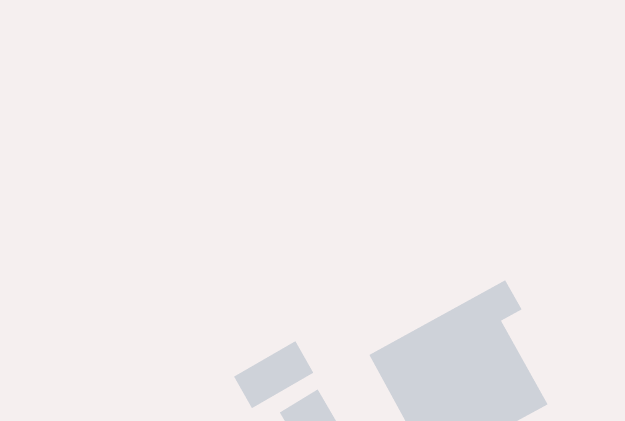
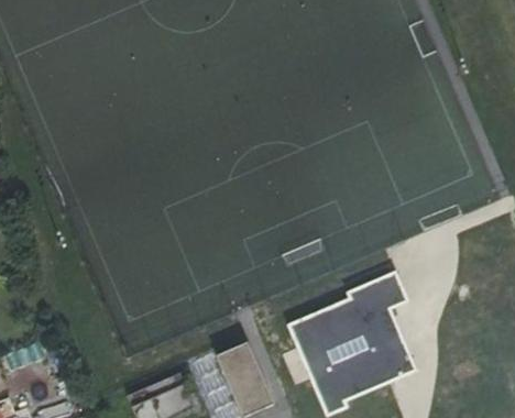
building: [233,340,314,409] -> none

